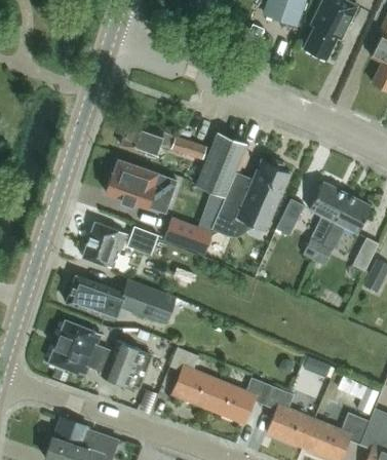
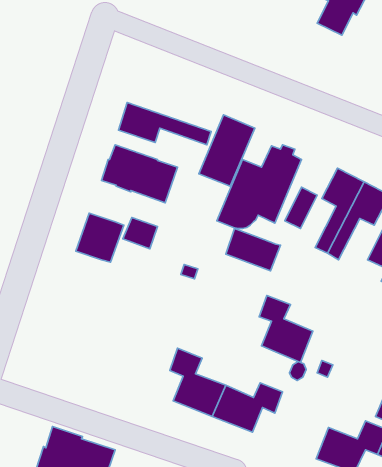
building: [163,216,214,255] -> [226,228,280,271]
building: [67,275,177,323] -> none
building: [49,319,153,386] -> none
building: [266,386,315,448] -> [259,295,313,363]

